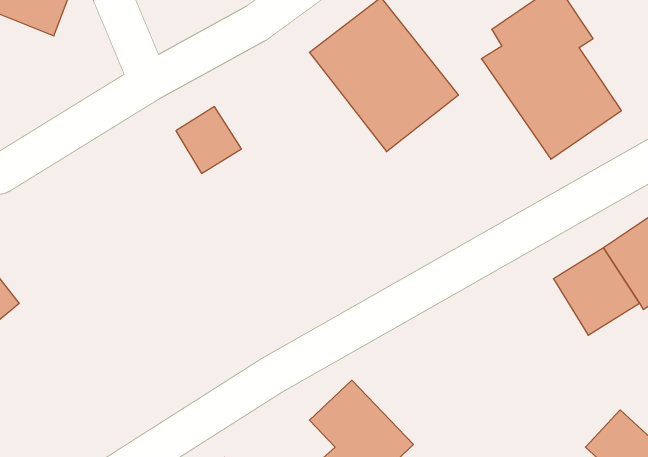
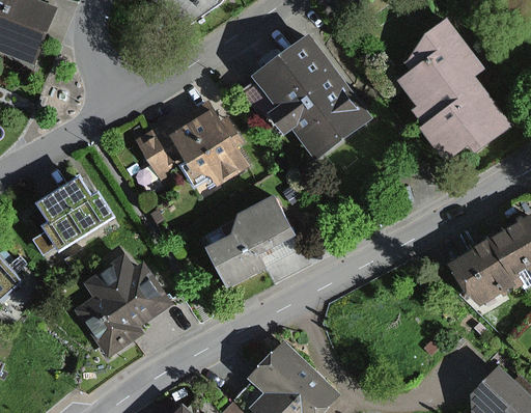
building: none -> [174,99,253,187]
building: none -> [34,182,110,244]
building: none -> [206,202,290,287]
building: none -> [80,266,170,349]

